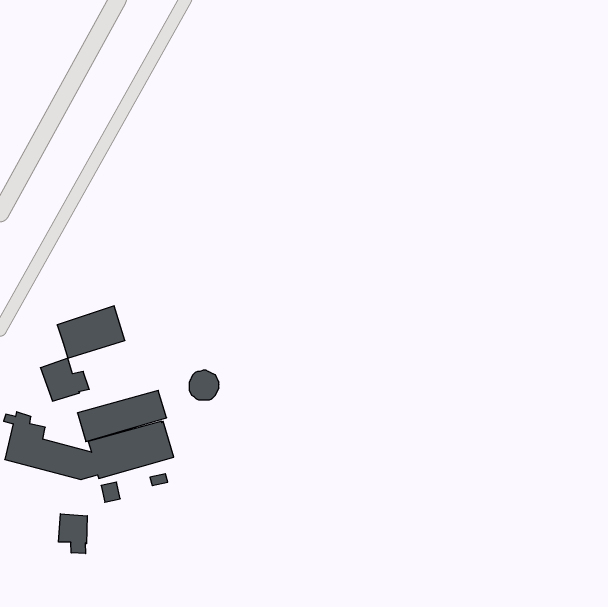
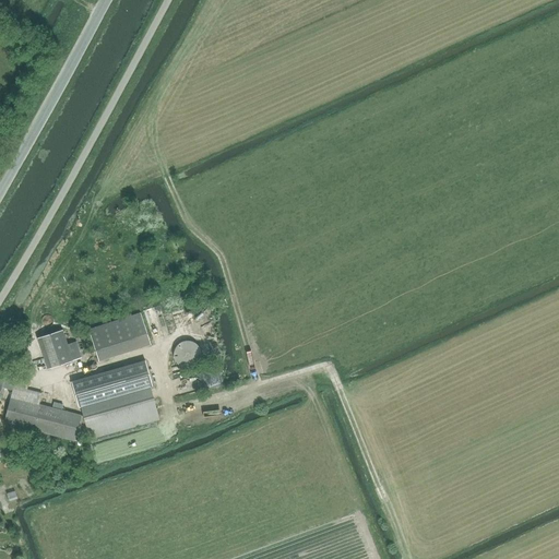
building: [57,306,125,358] -> [88,312,151,360]
building: [59,514,87,554] -> none

